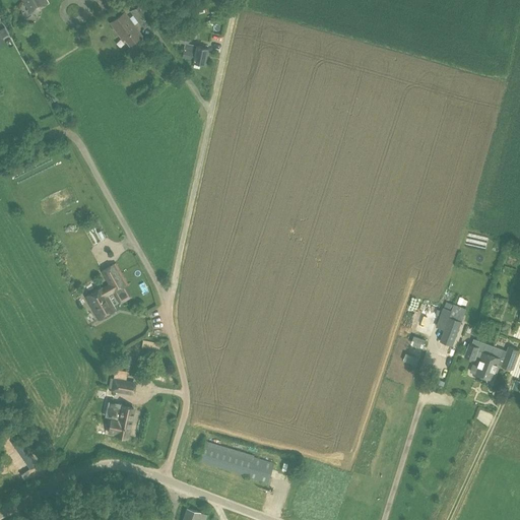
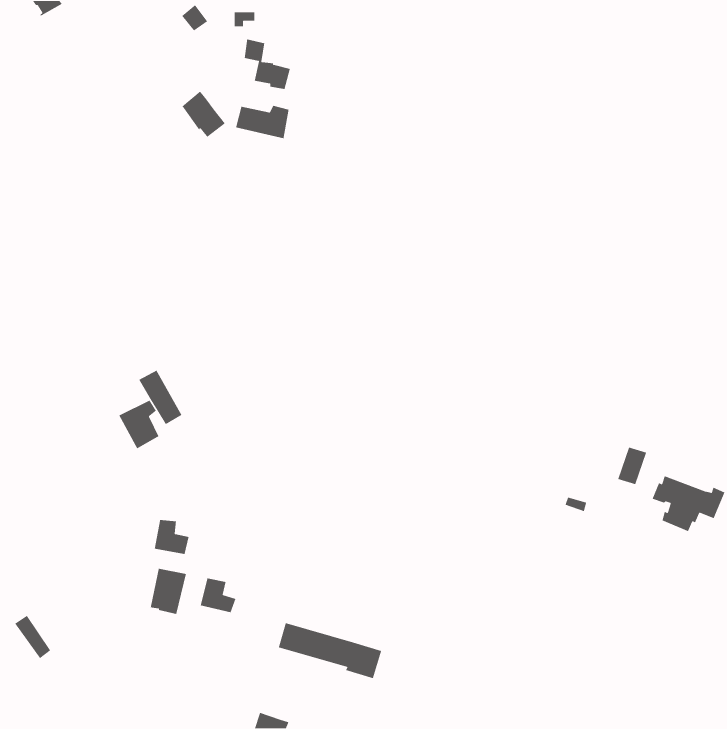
building: [110,11,141,45] -> [182,91,226,138]
building: none -> [235,105,290,139]
building: none -> [200,578,236,613]

